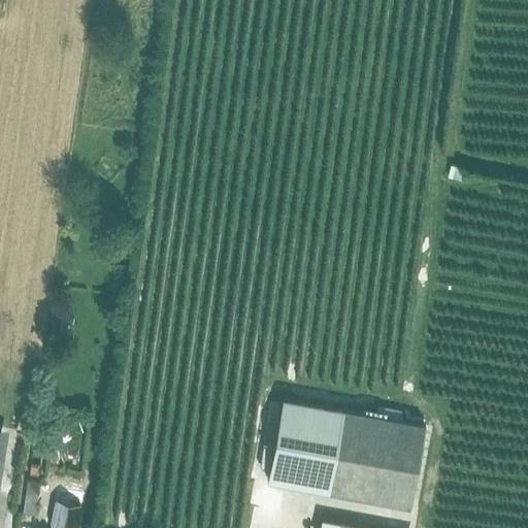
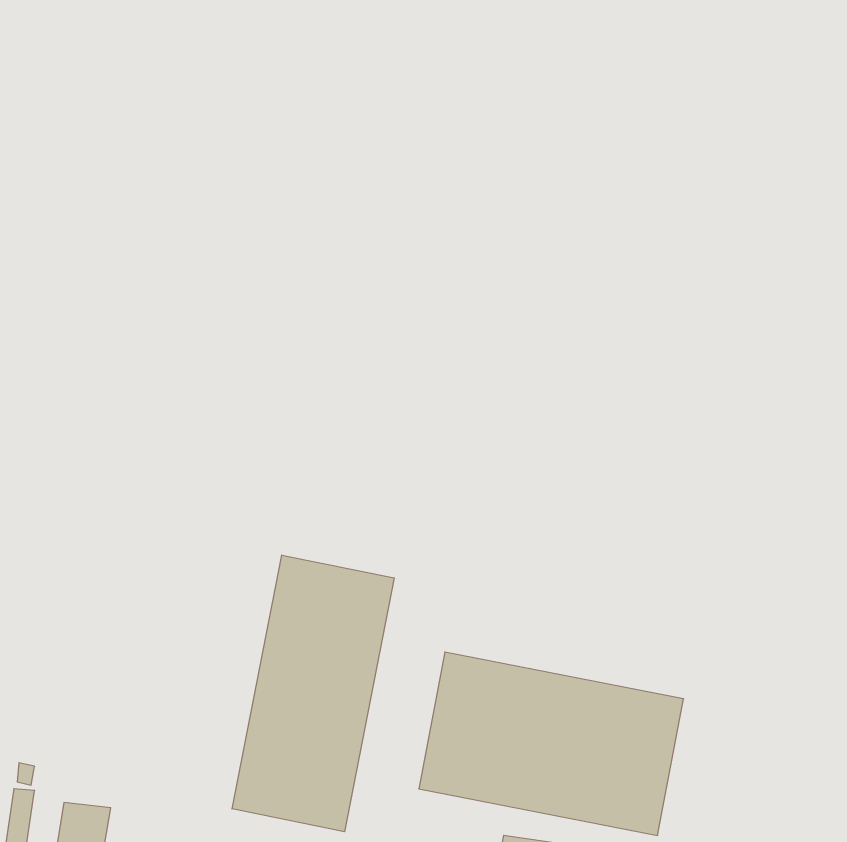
building: none -> [232,555,394,832]

